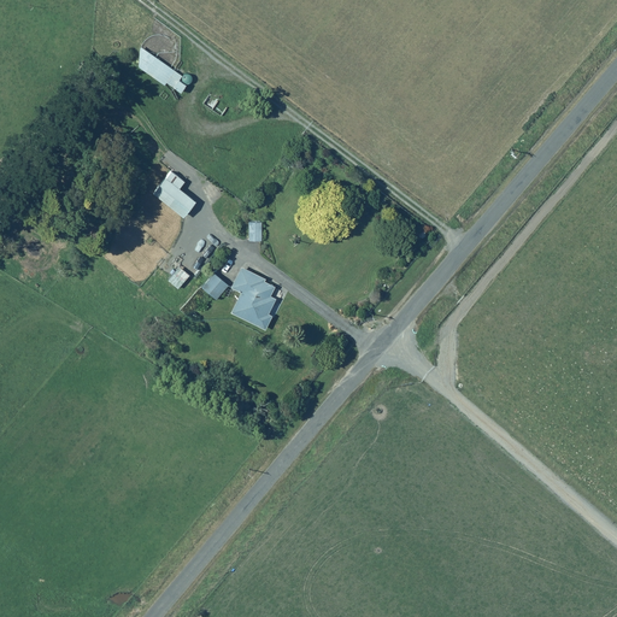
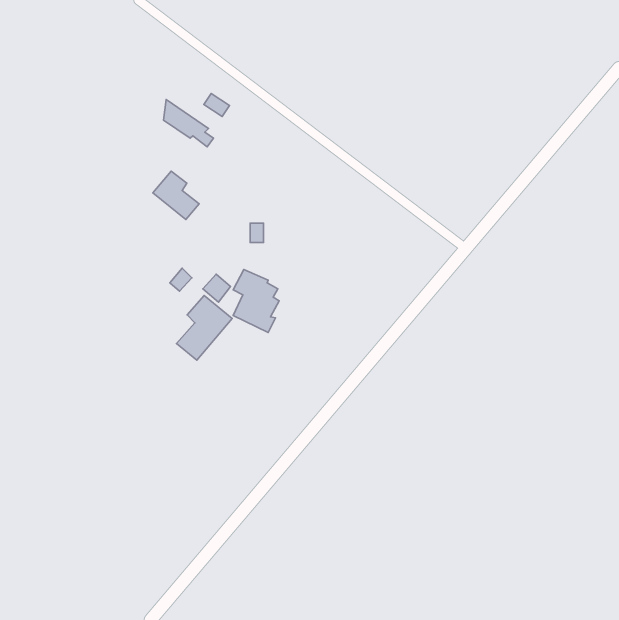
building: [139,47,188,94] -> [164,99,213,147]
building: none -> [177,296,232,360]

